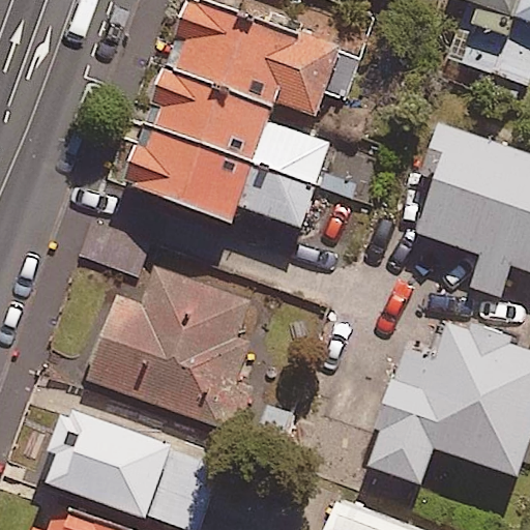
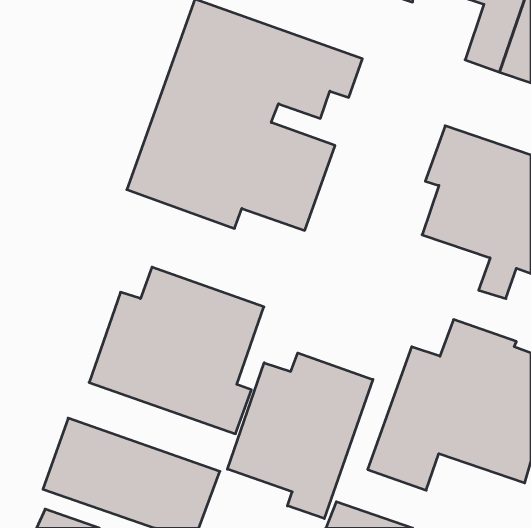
building: none -> [227,353,373,519]

